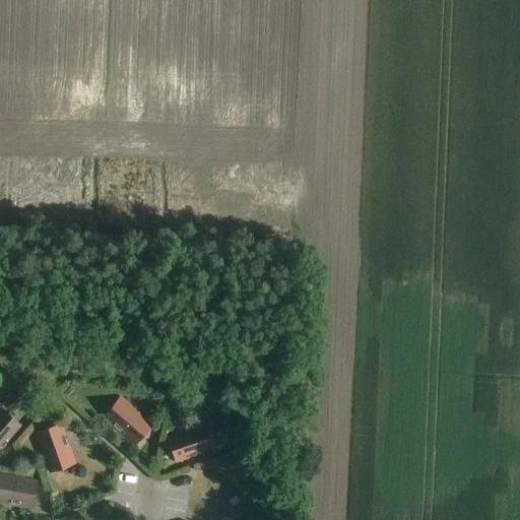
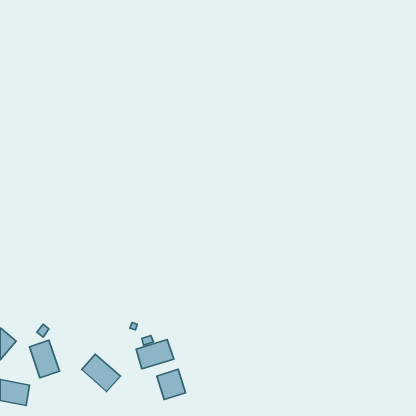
building: [106,397,153,444] -> [82,354,120,392]
building: none -> [157,369,186,400]

